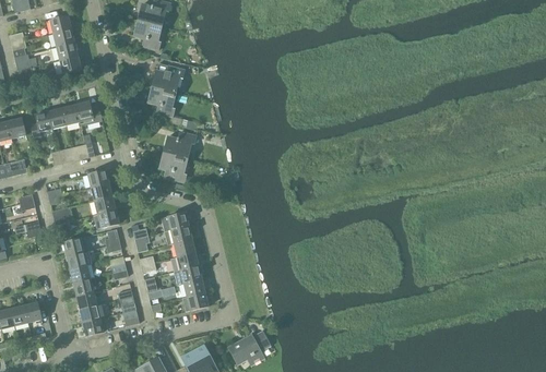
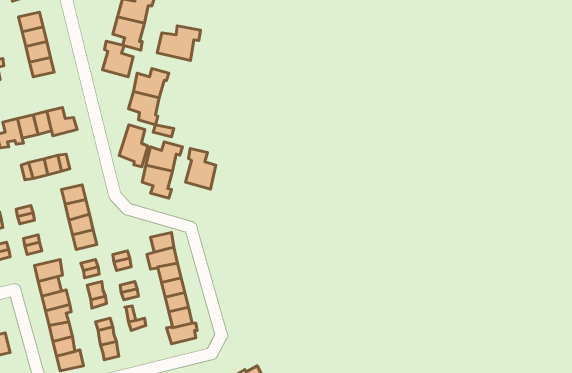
building: none -> [157,26,200,60]
building: none -> [102,41,133,77]
building: none -> [119,125,148,167]
building: none -> [186,149,216,189]

